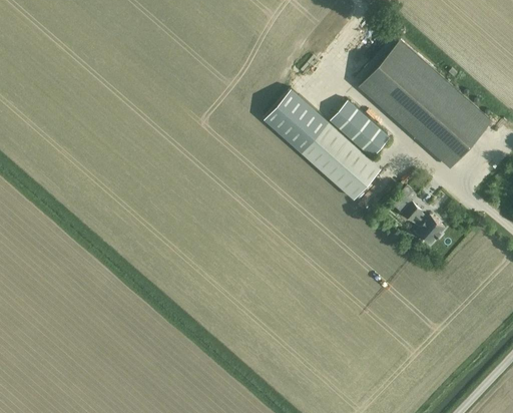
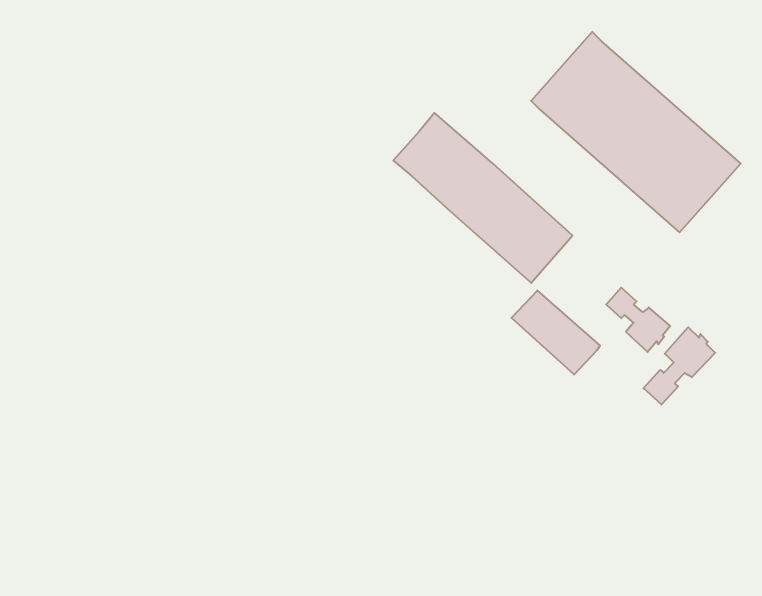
building: [331,102,389,157] -> [511,290,600,375]
building: none -> [643,327,715,405]

